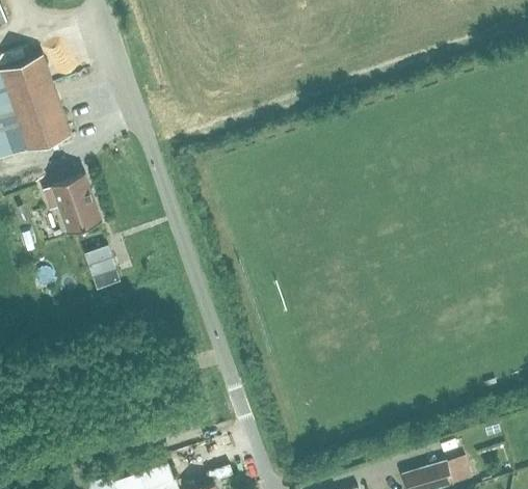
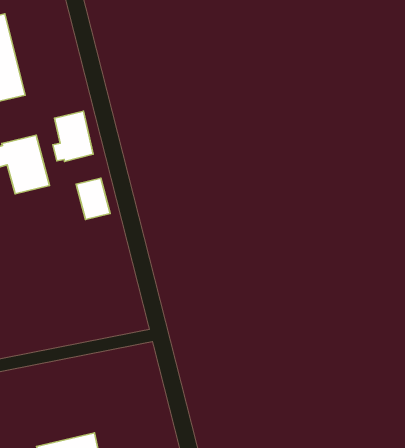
building: none -> [53,111,93,161]
building: [84,246,121,289] -> [76,178,110,220]

